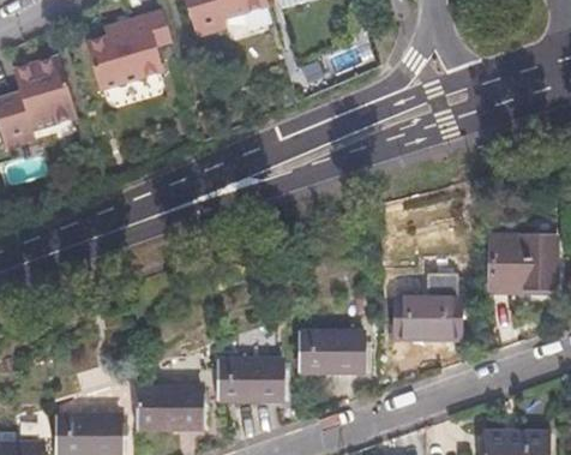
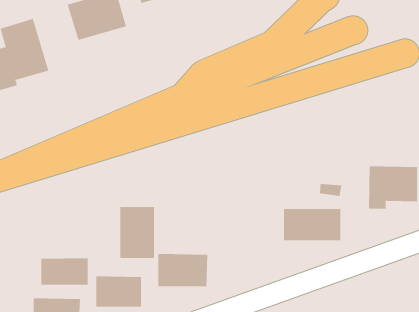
building: none -> [120,206,155,259]
building: [297,329,365,373] -> none
building: none -> [41,257,88,285]

